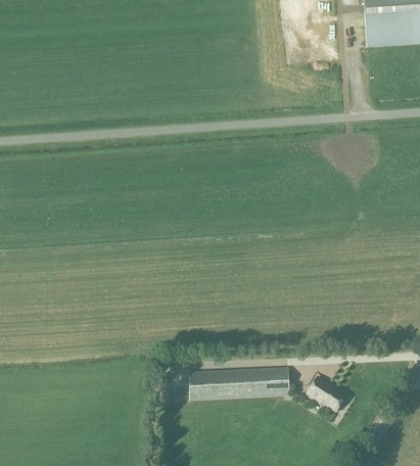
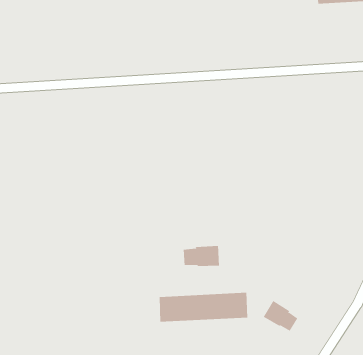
building: none -> [183,245,219,267]

